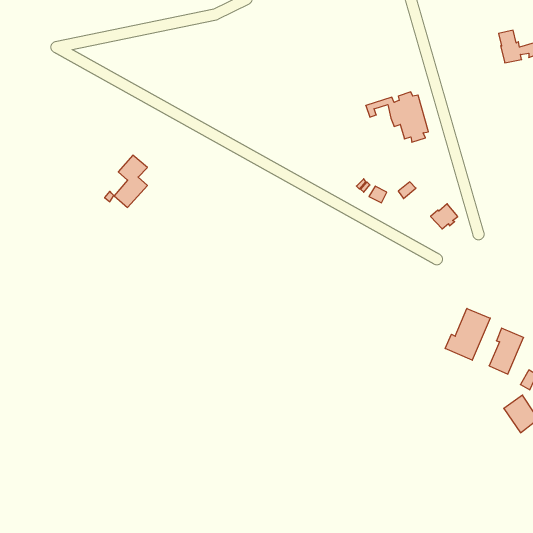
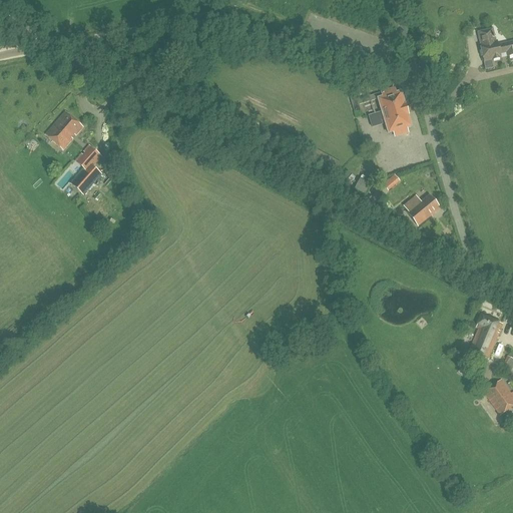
building: none -> [46,111,83,149]
building: [114,155,147,207] -> [71,144,103,194]
building: [445,308,490,360] -> none

